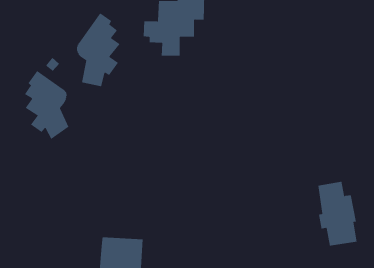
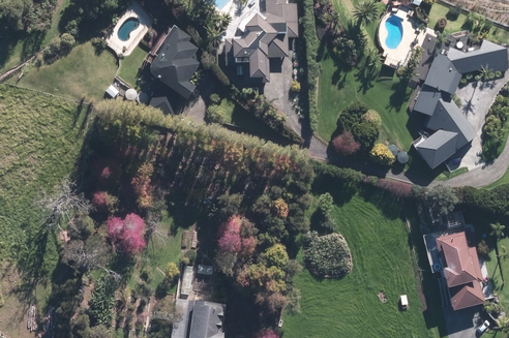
building: none -> [413,41,496,171]
building: [24,70,69,140] -> none

